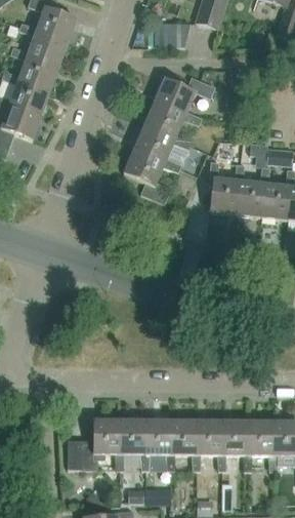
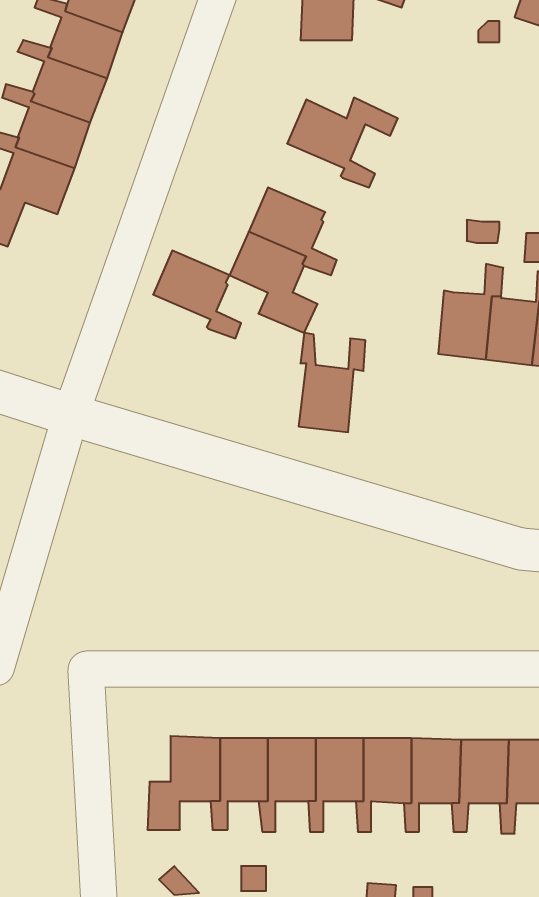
building: [144,101,192,148] -> [153,250,241,338]
building: [209,160,245,213] -> [299,333,365,432]

